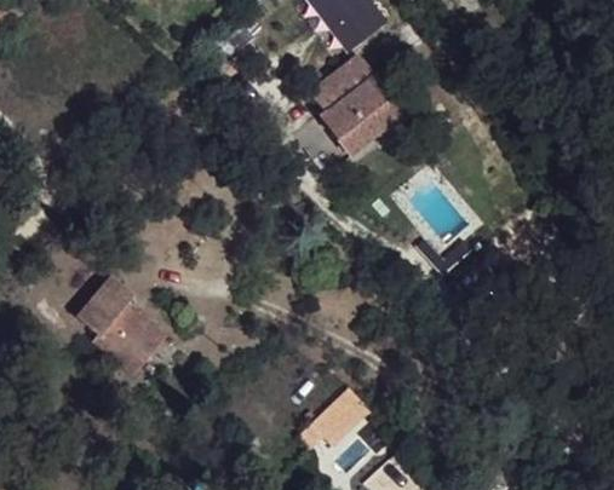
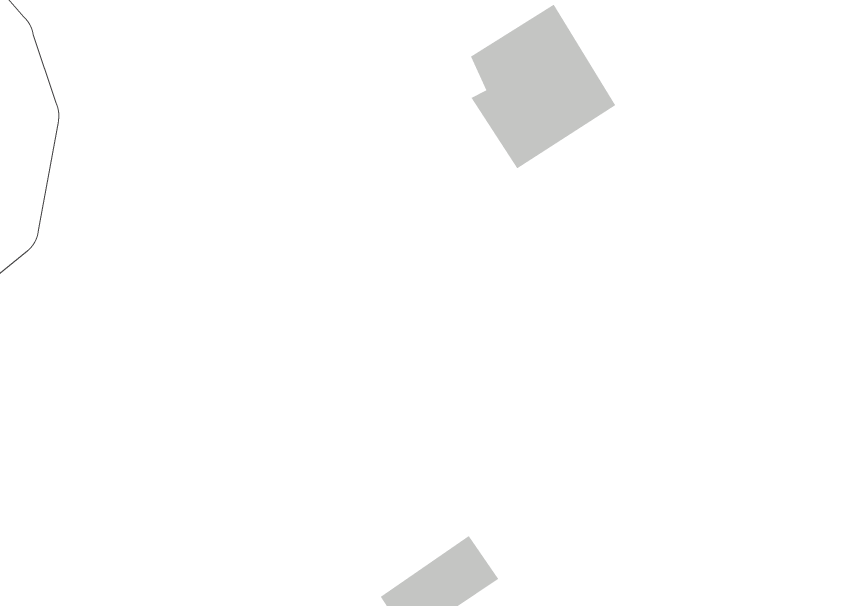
building: [80,277,166,374] -> none

